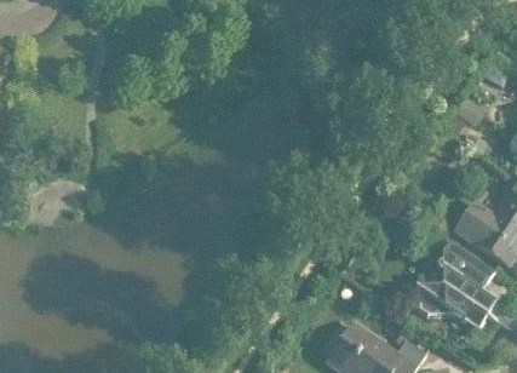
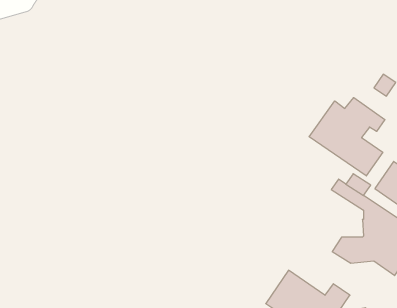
building: none -> [309,98,385,176]

